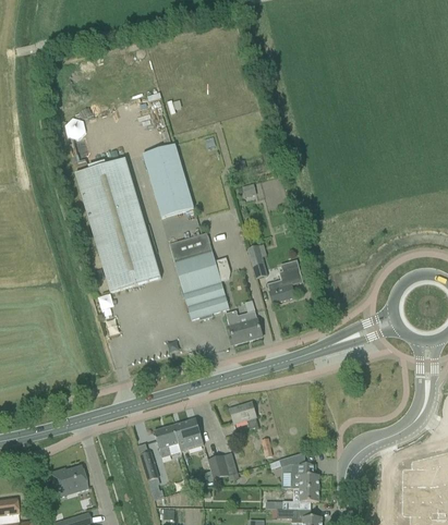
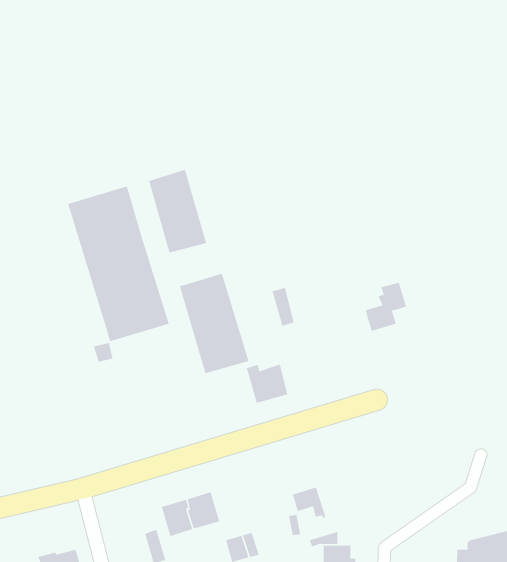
building: [267,260,303,303] -> [365,282,407,332]
building: [230,402,259,429] -> [292,487,327,519]

